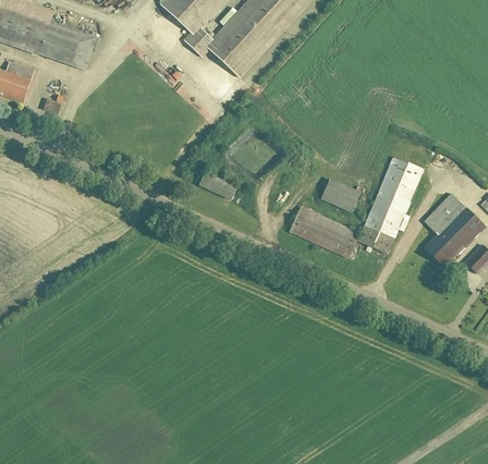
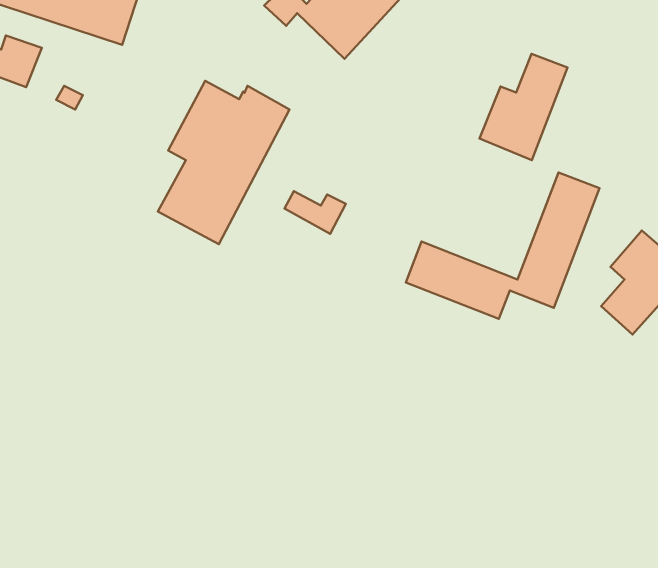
building: none -> [479,54,567,160]
building: none -> [158,81,290,244]
building: [319,178,357,206] -> none

